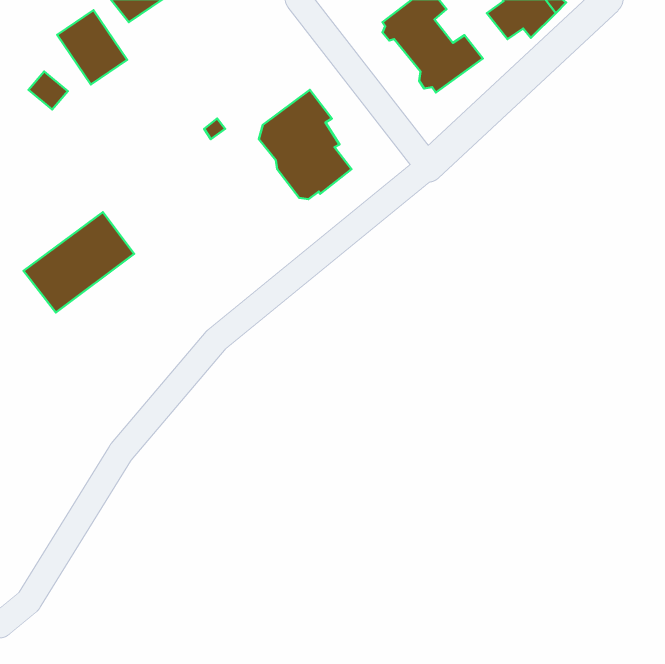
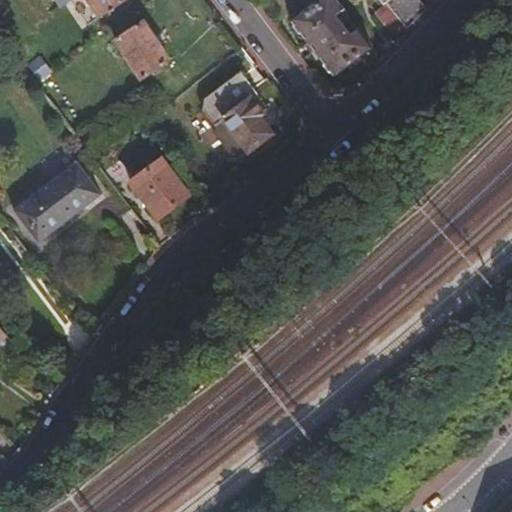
building: [57,10,127,84] -> [115,22,169,79]
building: none -> [129,157,187,216]

